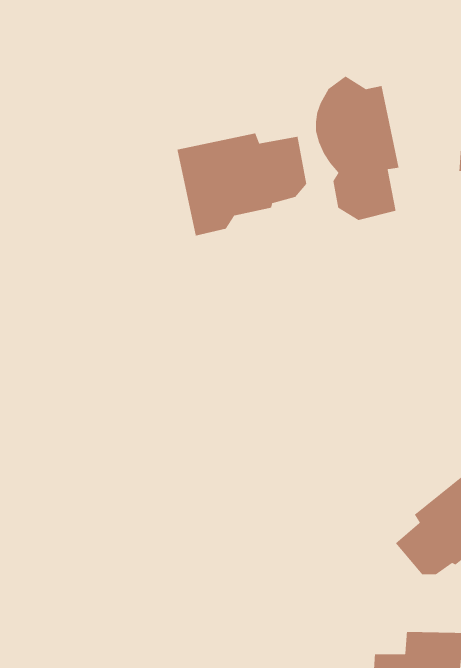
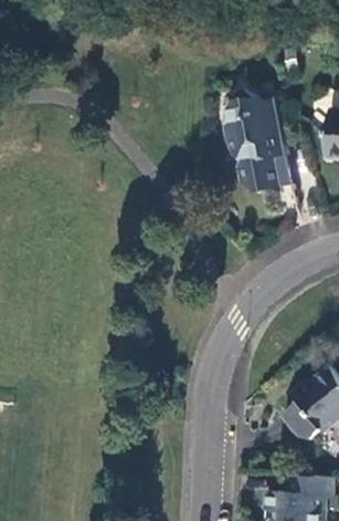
building: [177,133,307,236] -> none

